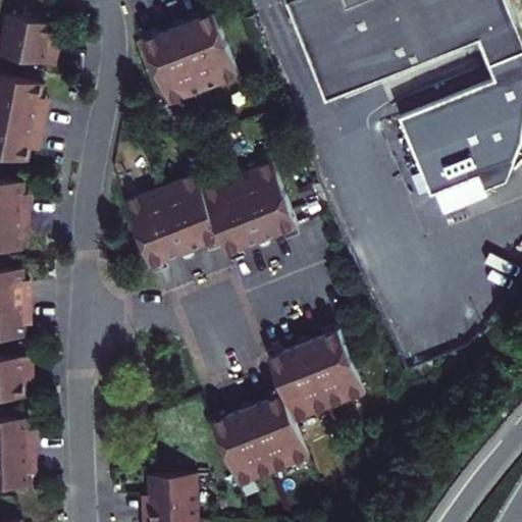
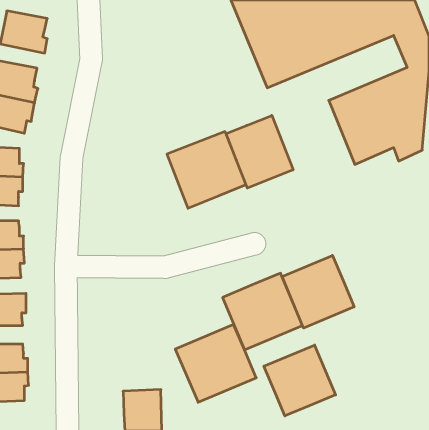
building: [144,10,240,104] -> none
building: none -> [226,115,293,188]
building: [125,172,221,265] -> none
building: none -> [282,255,354,328]
building: none -> [264,345,336,416]

